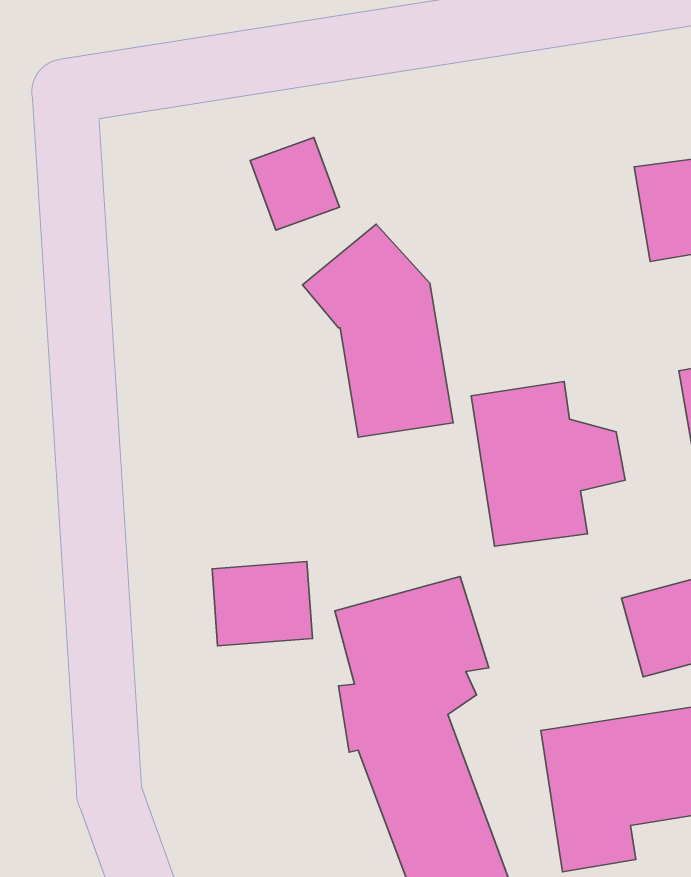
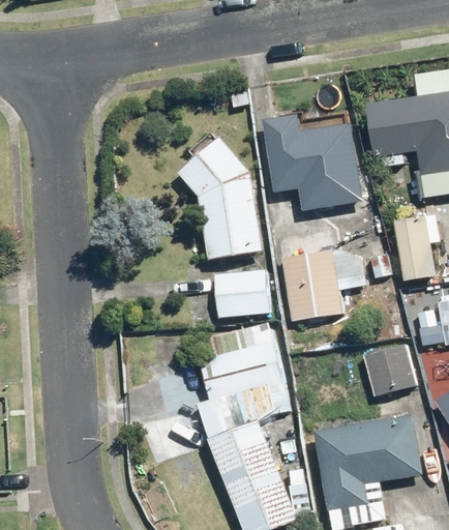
building: [250,137,340,230] -> none
building: none -> [263,114,362,208]
building: [212,562,312,646] -> [210,270,268,319]

